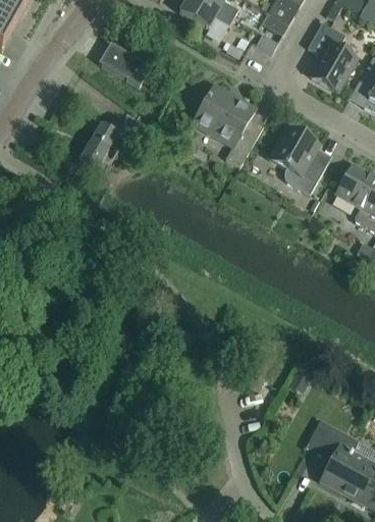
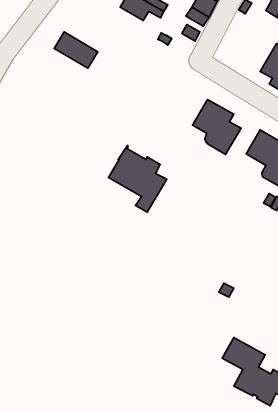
building: [308,21,358,94] -> none
building: [192,84,264,166] -> [108,145,167,212]
building: [78,123,117,171] -> none

